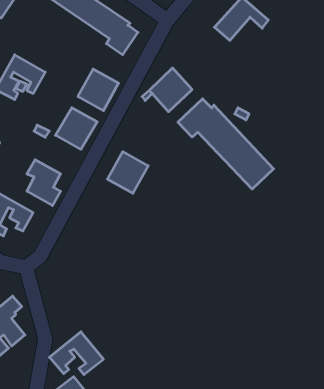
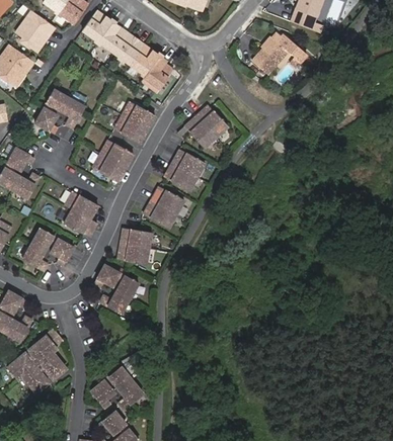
building: [178,99,274,189] -> none
building: none -> [167,147,209,188]
building: none -> [114,227,150,264]
building: none -> [90,262,135,312]

